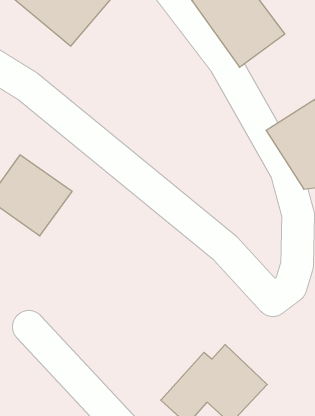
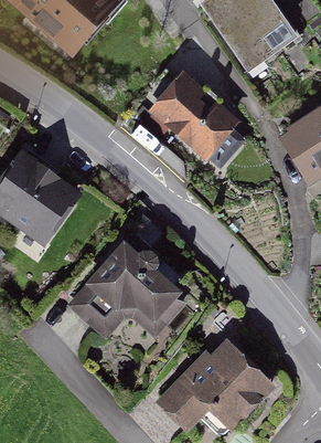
building: none -> [157,76,240,159]
building: none -> [77,249,180,330]

